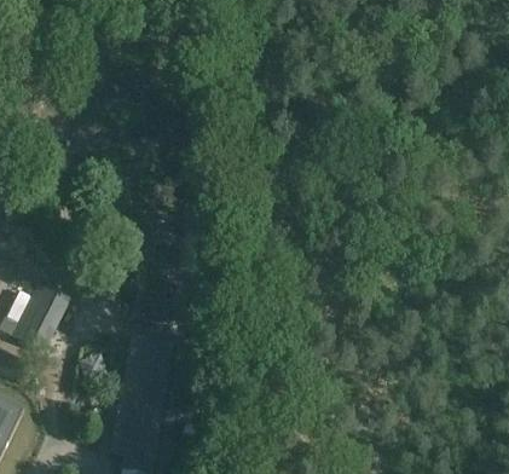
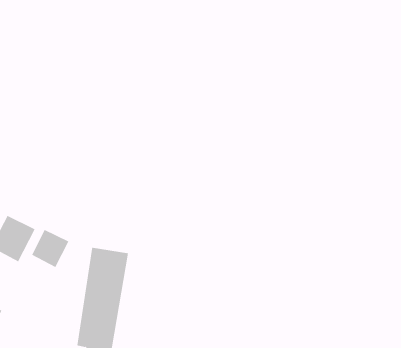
building: none -> [31,229,69,268]

